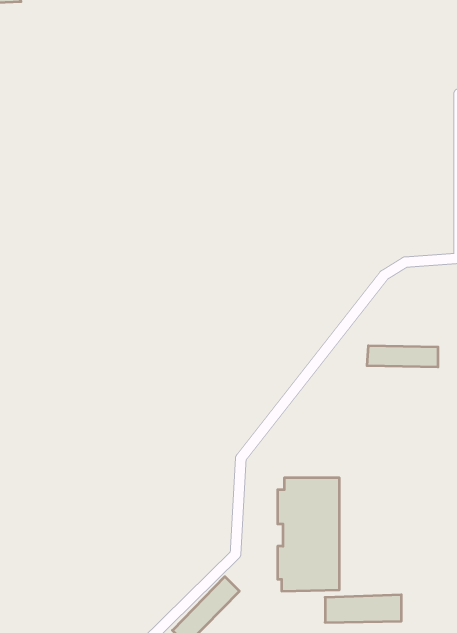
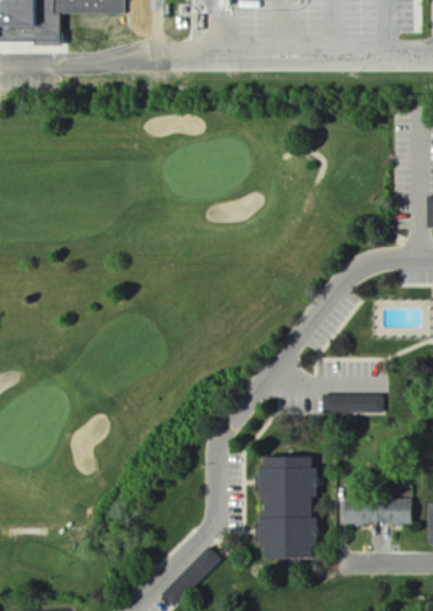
building: [367,346,438,367] -> [322,393,386,412]
building: [325,595,401,622] -> [342,499,412,524]

